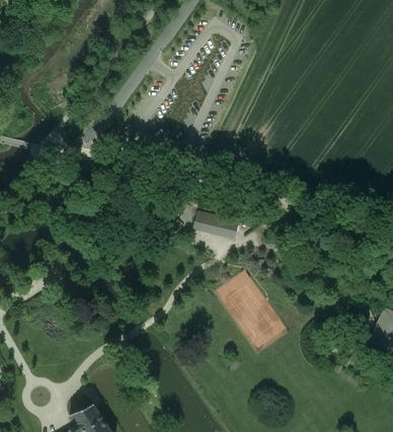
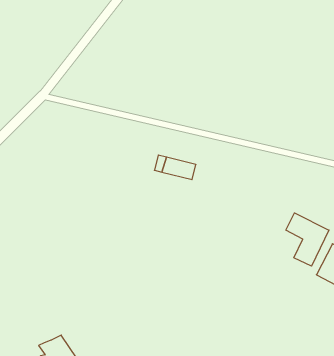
building: none -> [286,213,329,266]

